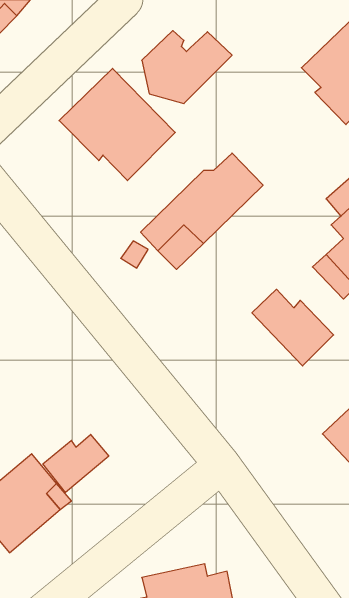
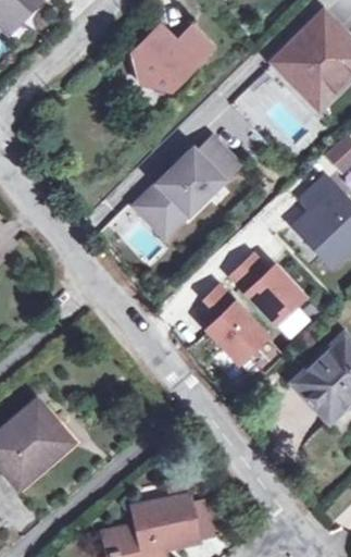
building: [59,68,175,181] -> none
building: none -> [204,286,266,360]
building: [43,434,109,492] -> none

